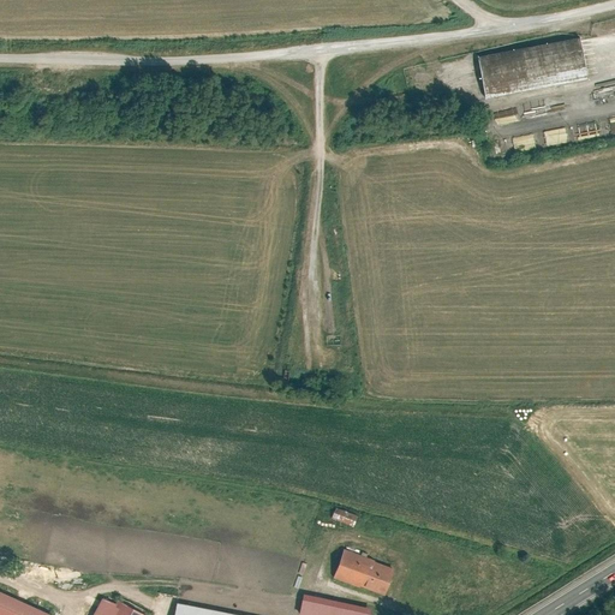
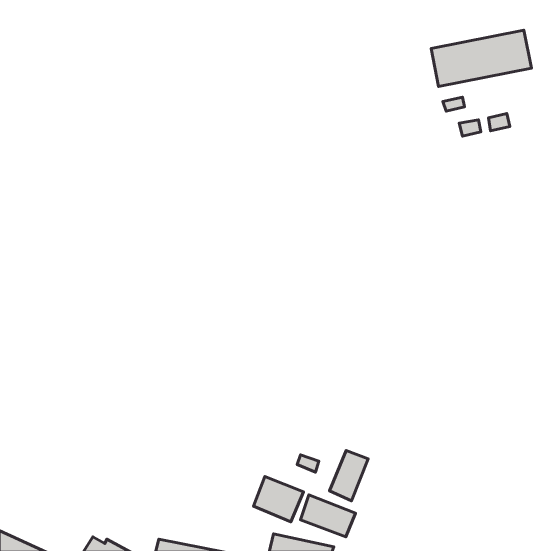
building: none -> [329,451,368,501]
building: none -> [253,477,304,522]

